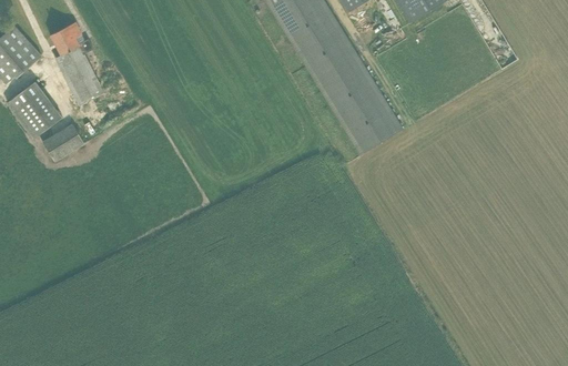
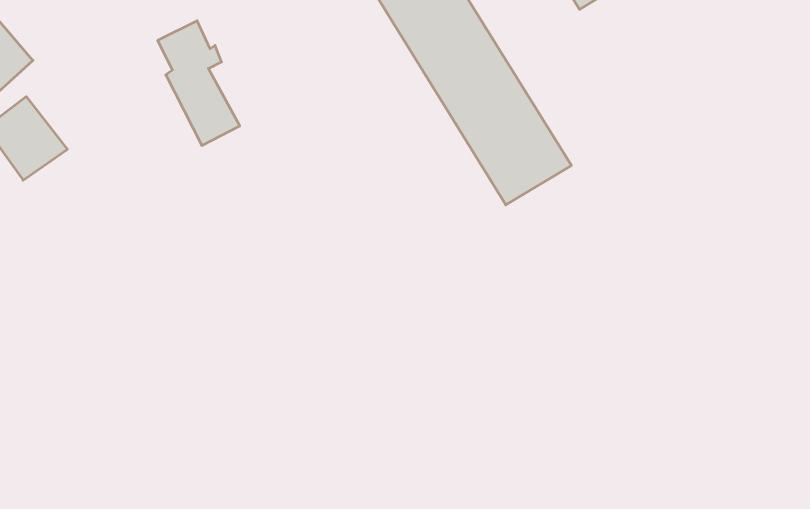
building: [50,20,105,104] -> [158,21,240,146]
building: [43,122,84,160] -> none

